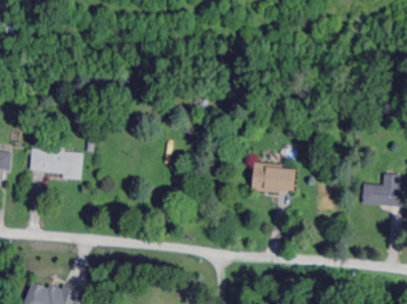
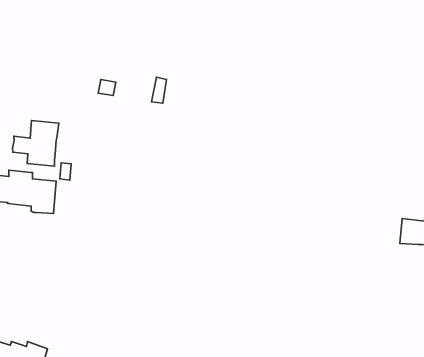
building: none -> [12,120,59,166]
building: [251,164,295,193] -> none

